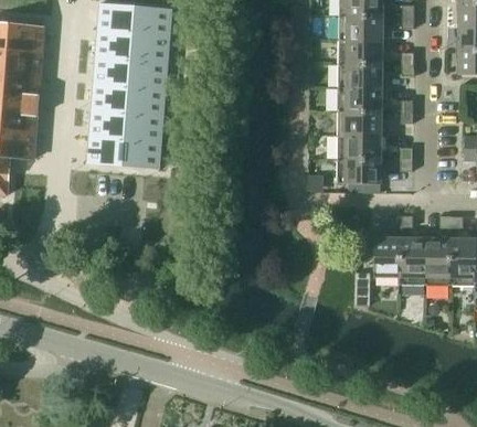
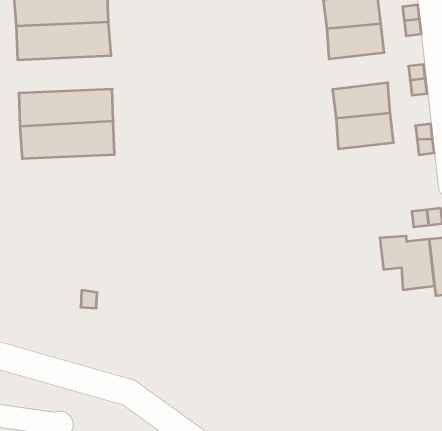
building: [91,57,167,89] -> none
building: [338,86,382,110] -> none
building: [85,136,160,169] -> none
building: [337,158,381,182] -> none

